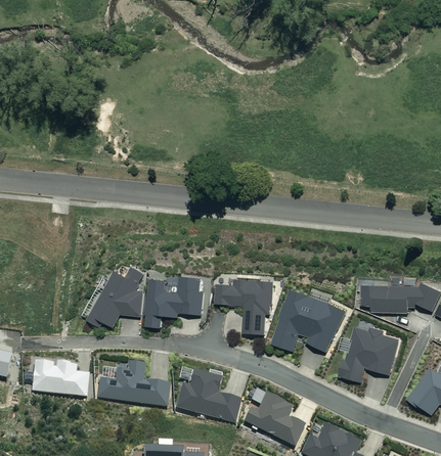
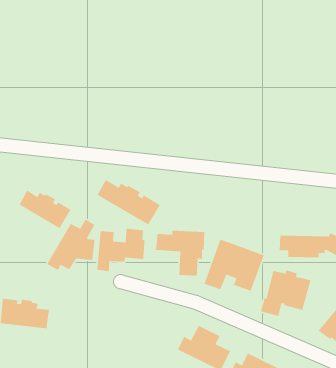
building: none -> [96,179,161,226]
building: none -> [18,190,72,229]
building: [96,361,169,405] -> none
building: [174,369,240,422] -> none

